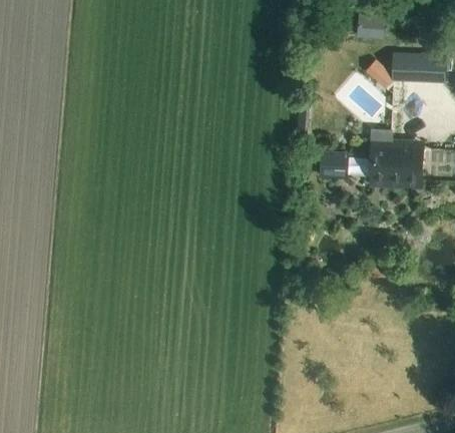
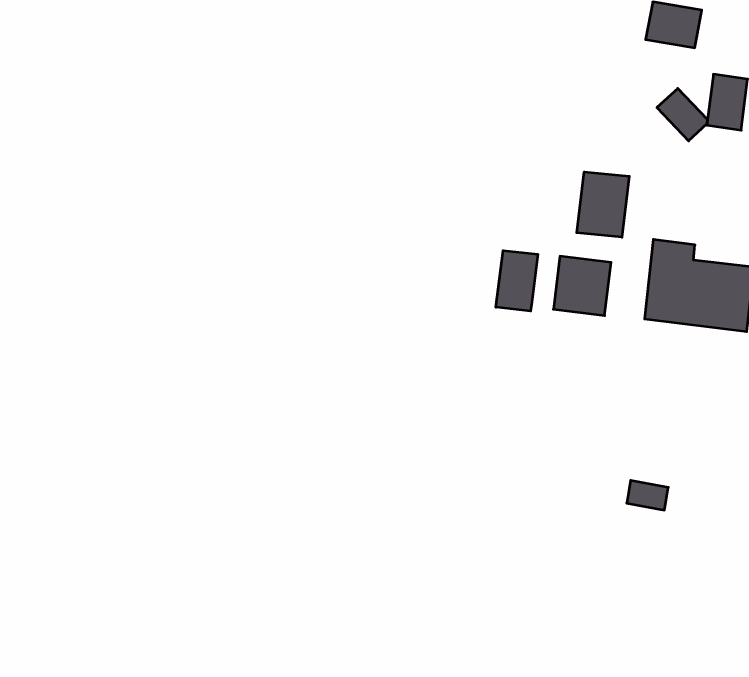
building: none -> [577,172,629,237]
building: none -> [496,251,538,311]

